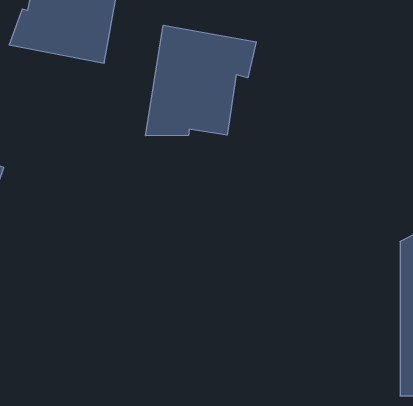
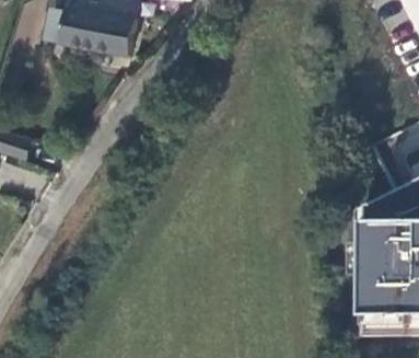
building: [145,25,256,136] -> none

